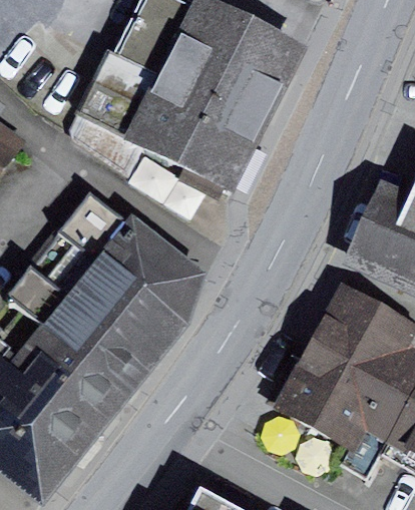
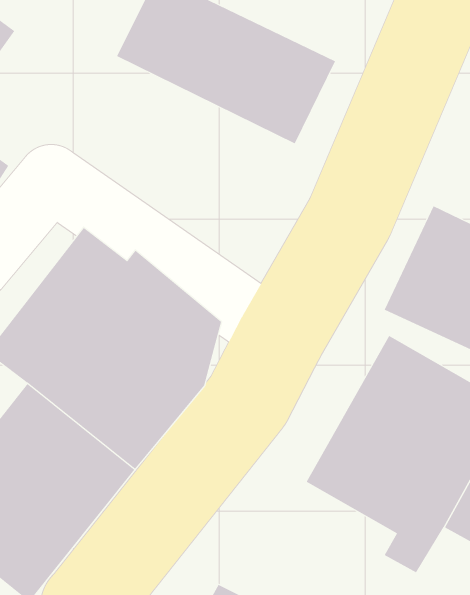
building: [70,47,267,187] -> none

